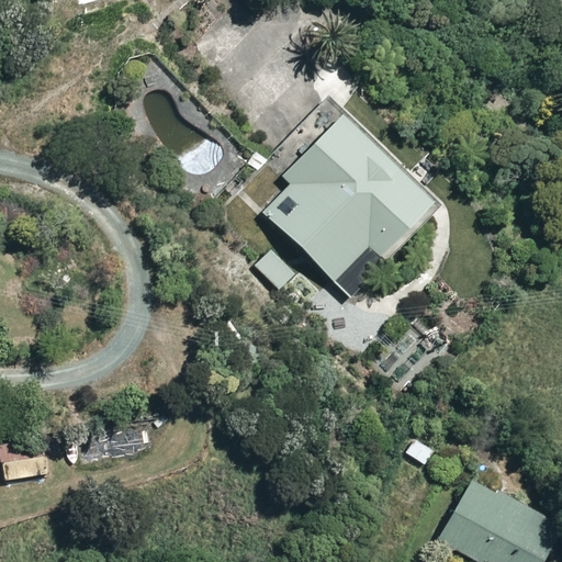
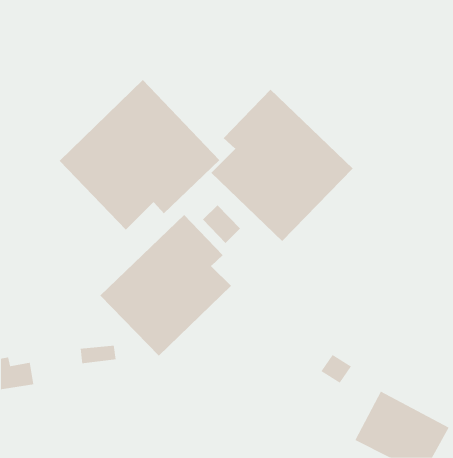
building: none -> [59,79,220,230]
building: none -> [99,214,232,356]

